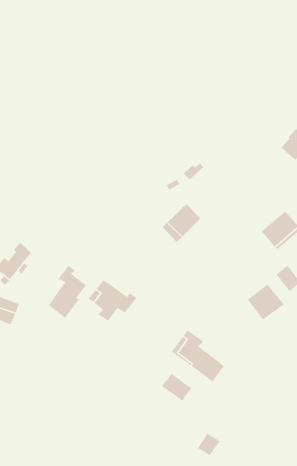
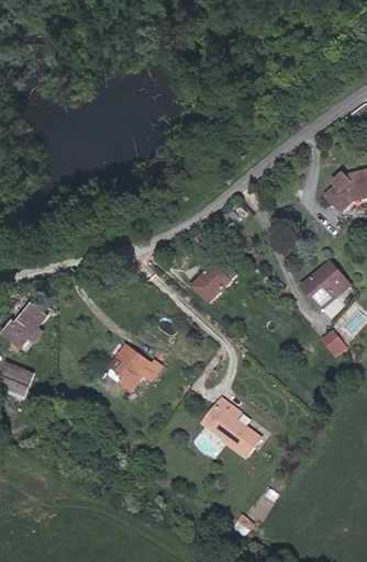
building: [48,265,87,319] -> none
building: [247,283,285,321] -> none
building: [161,373,192,401] -> none

